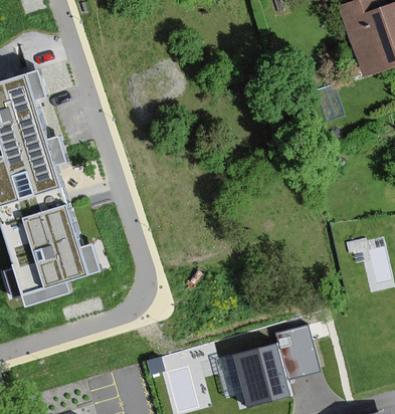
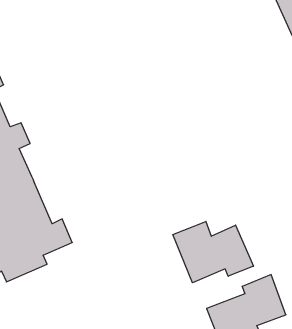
building: none -> [173,221,253,283]

